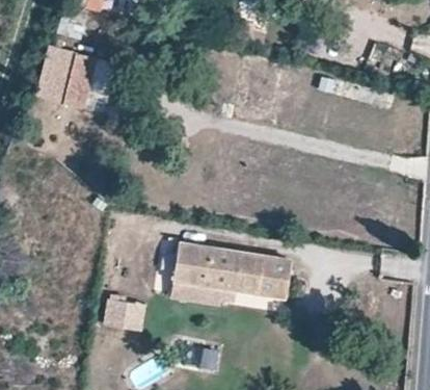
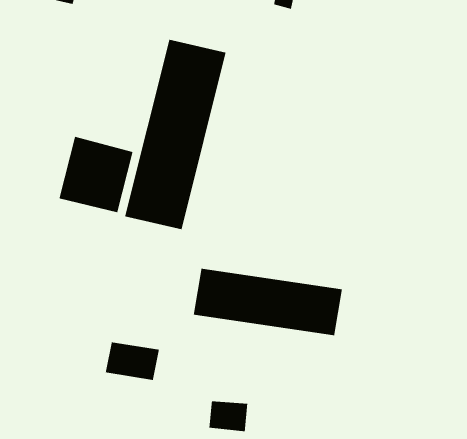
building: [37,46,97,107] -> [59,136,134,213]
building: none -> [124,39,227,230]

